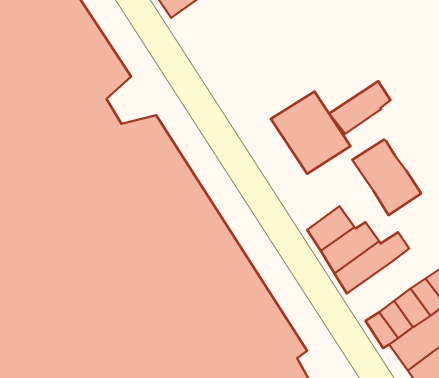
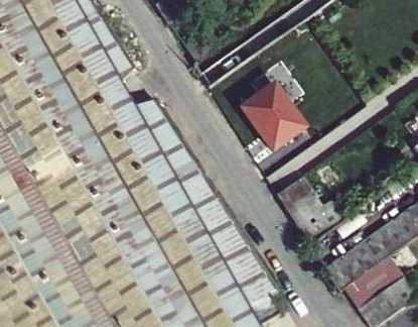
building: [329,81,391,134] -> none
building: [352,140,421,215] -> none

